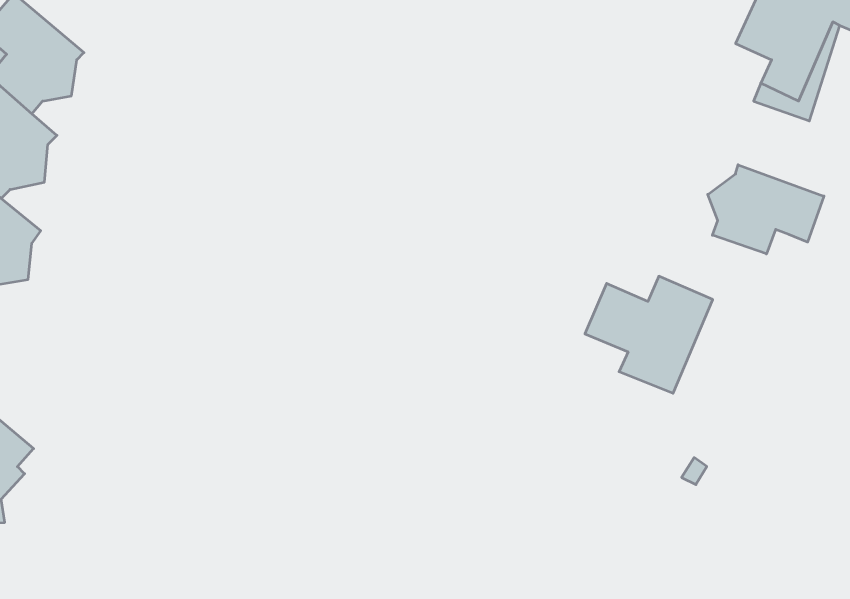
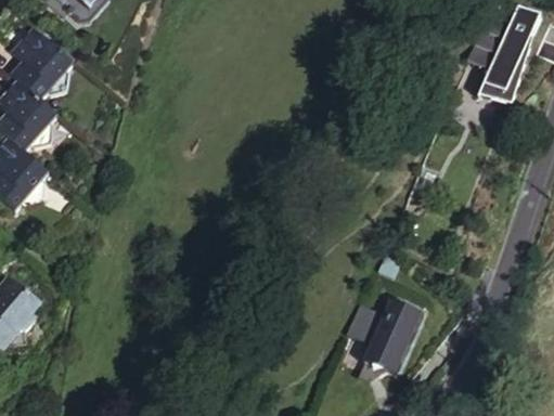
building: [708,165,824,254] -> none
building: [585,276,713,393] -> [346,295,423,365]

